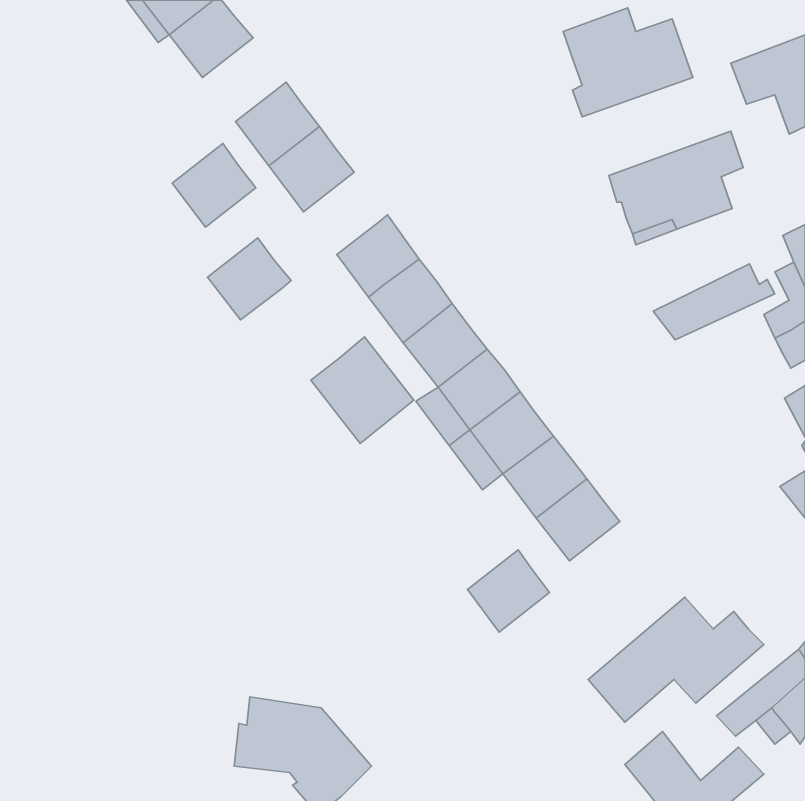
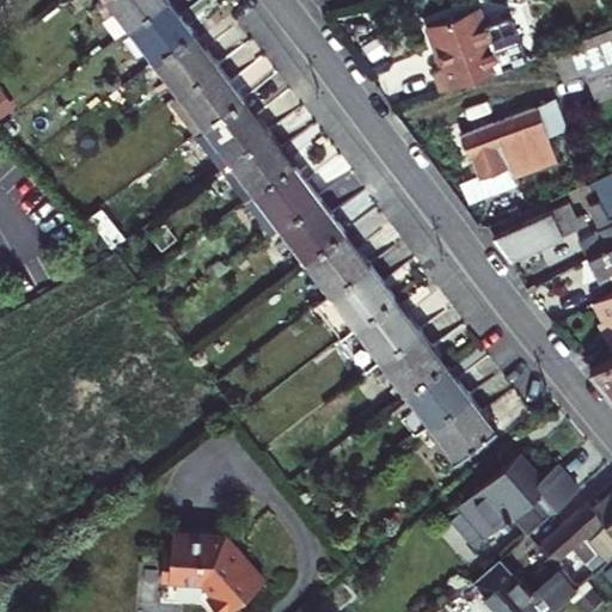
building: [172,144,256,227] -> [153,33,216,97]
building: [207,238,291,320] -> [230,135,293,197]
building: [311,337,414,444] -> none
building: [467,550,550,632] -> [430,399,492,461]

